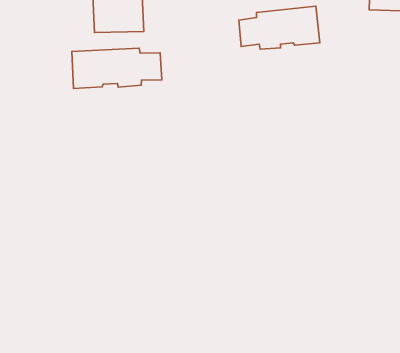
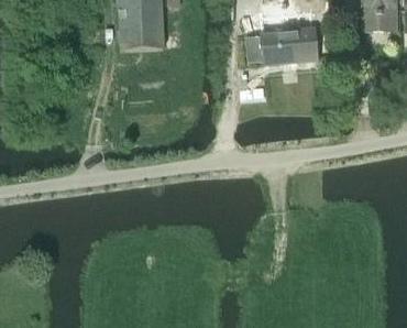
building: [72,48,162,88] -> none

